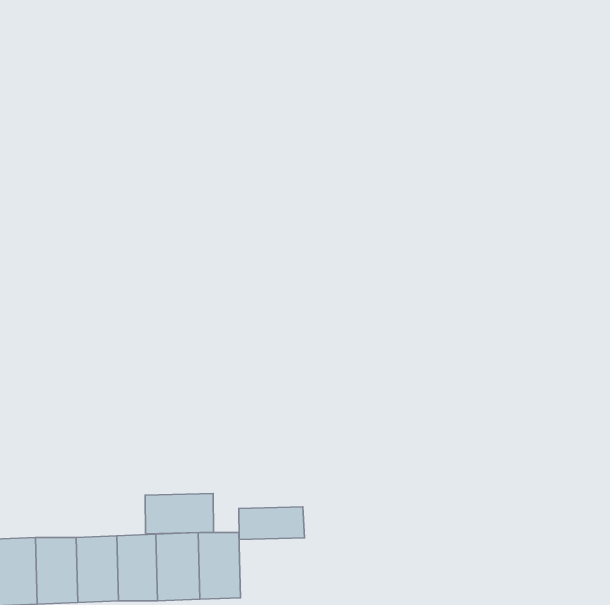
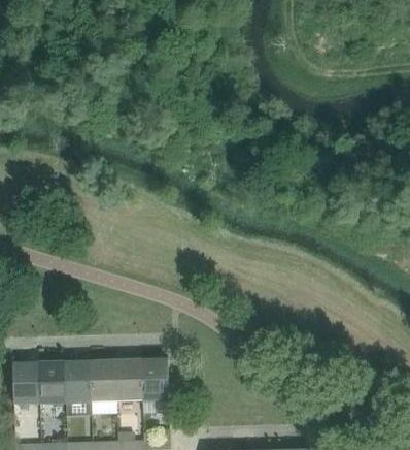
building: [145,493,214,534] -> none
building: [239,507,305,539] -> none

